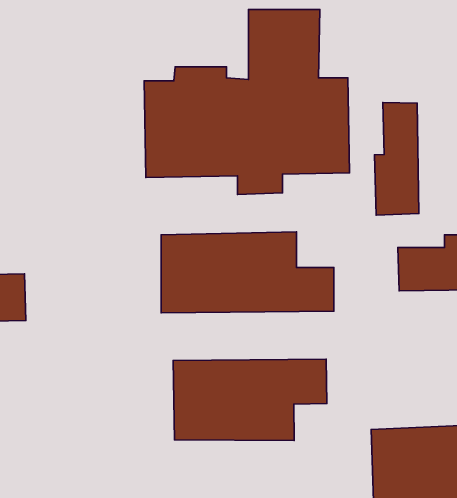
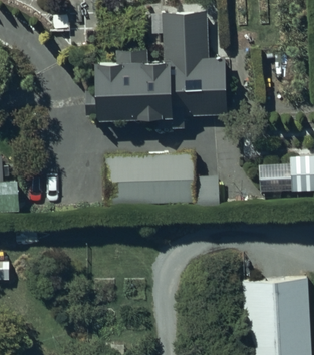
building: [374,103,419,215] -> none
building: [173,359,327,441] -> none

